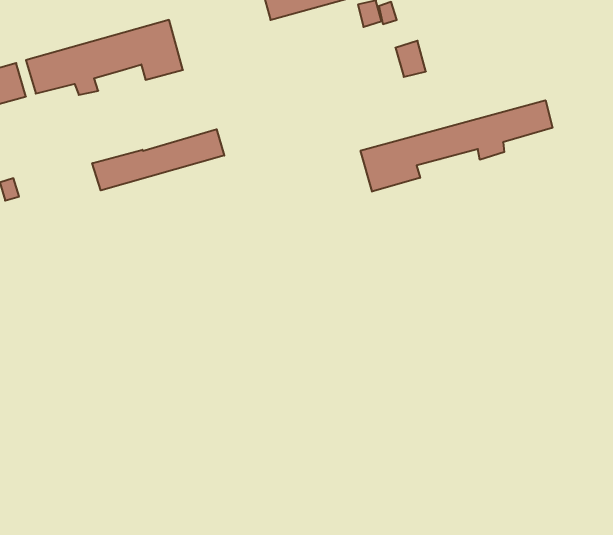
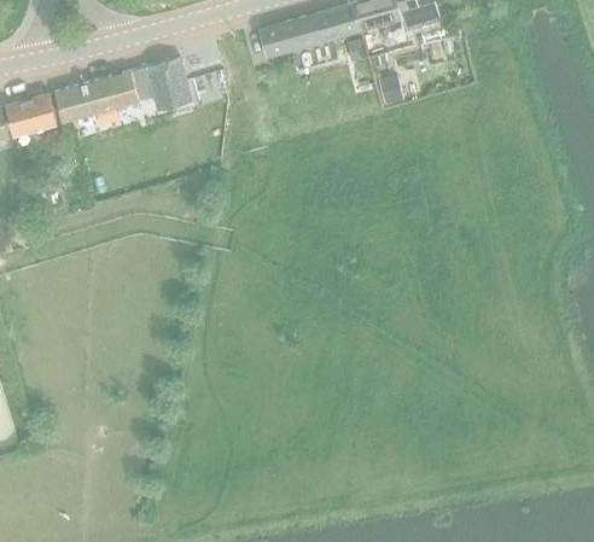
building: [361,100,553,192] -> none
building: [92,129,224,190] -> none

